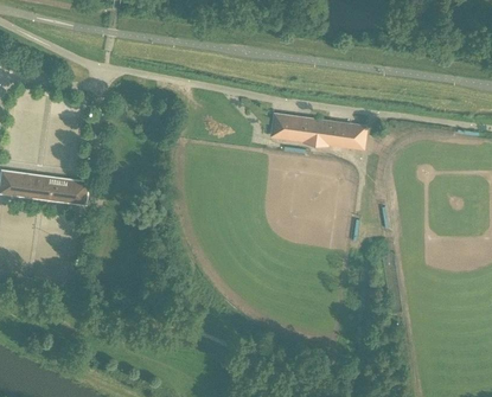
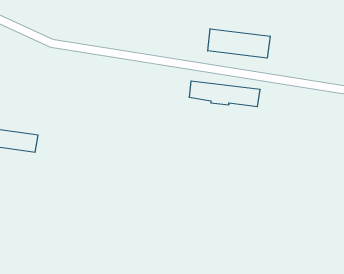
building: none -> [208,29,270,58]

